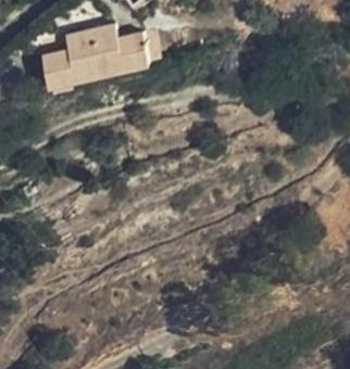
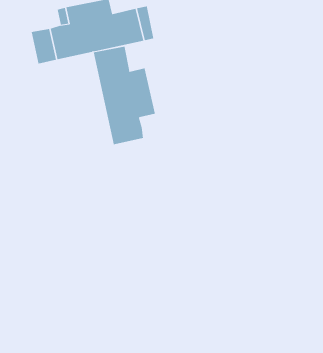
building: none -> [93,46,156,145]

